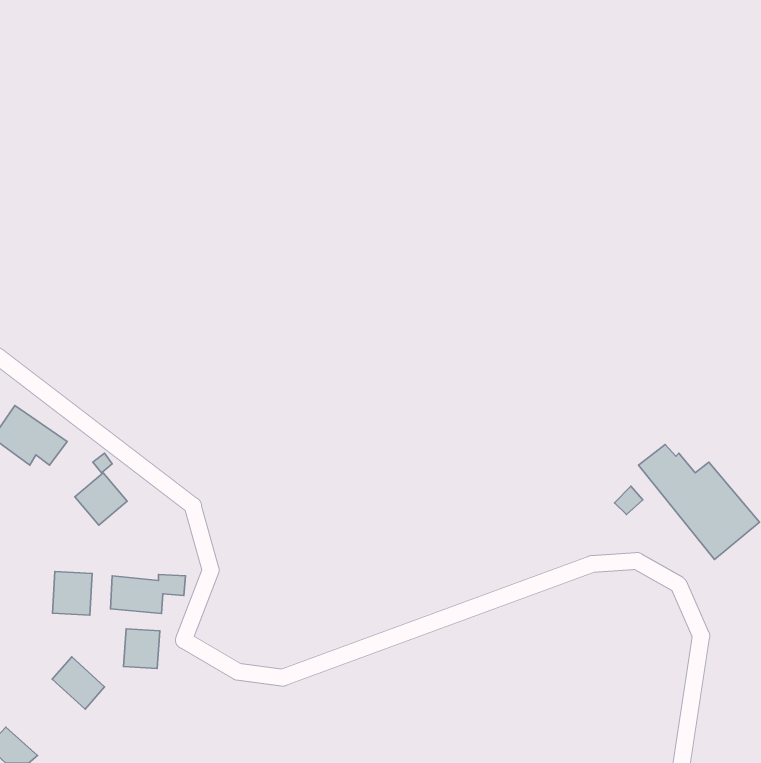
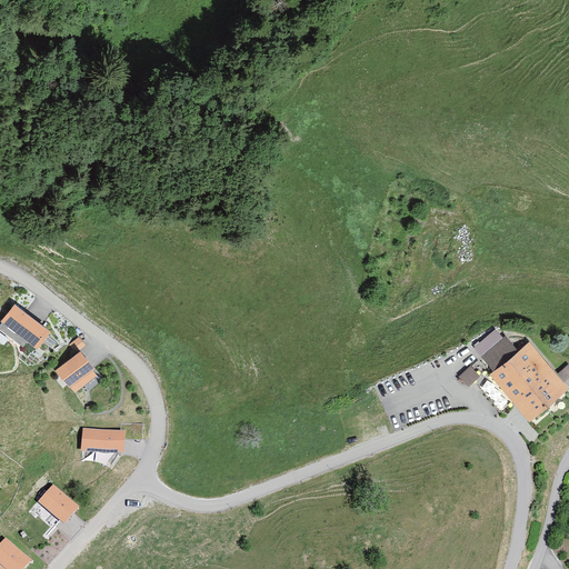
building: [53,571,92,615] -> none
building: [124,629,160,668] -> none

